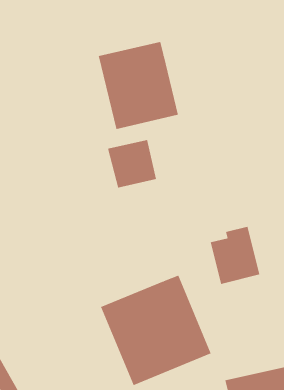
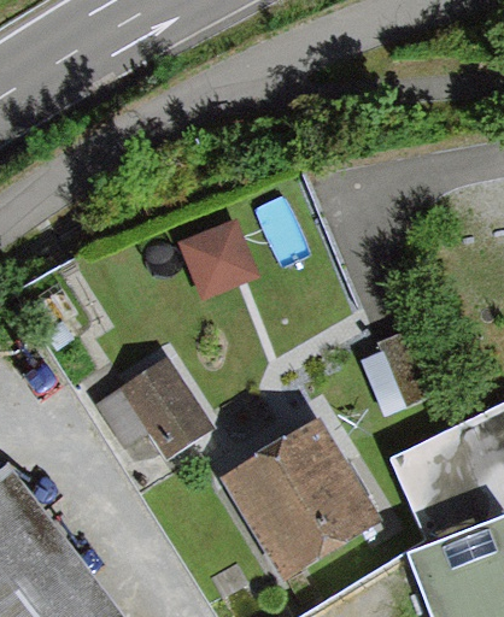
building: [98,41,178,130] -> none
building: none -> [95,357,212,458]

